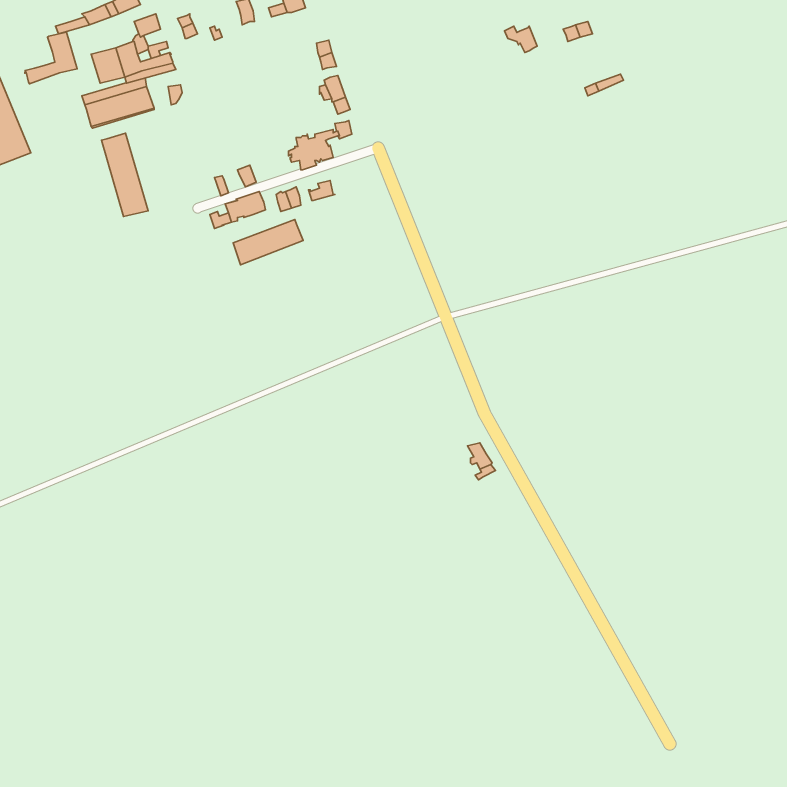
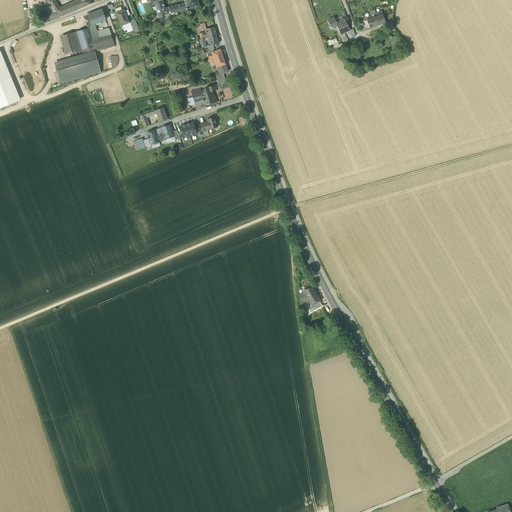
building: [25,32,77,84] -> none
building: [102,133,148,216] -> none
building: [233,220,303,265] -> none

